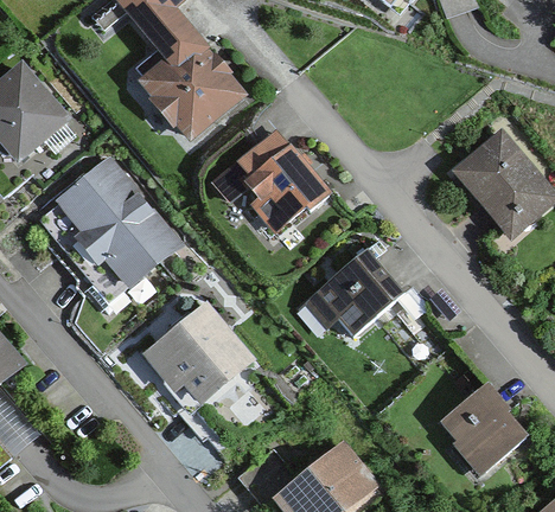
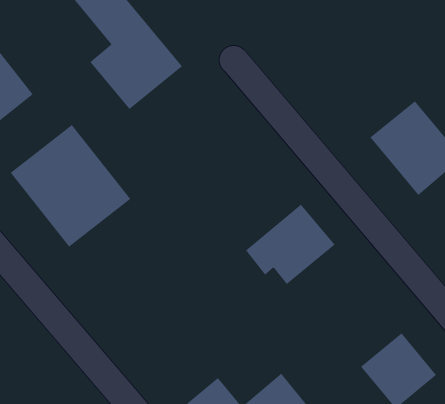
building: [219,140,330,230] -> none
building: [141,301,249,407] -> none

